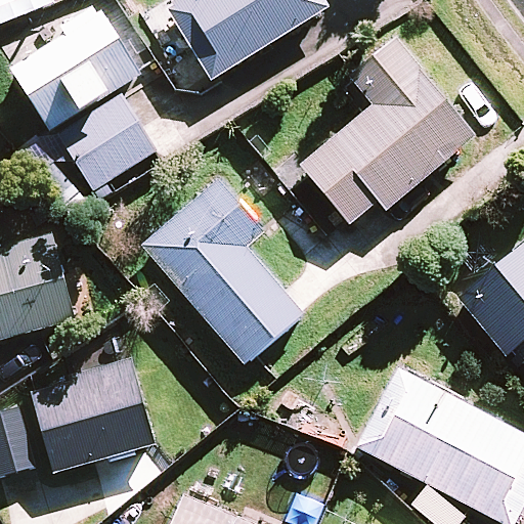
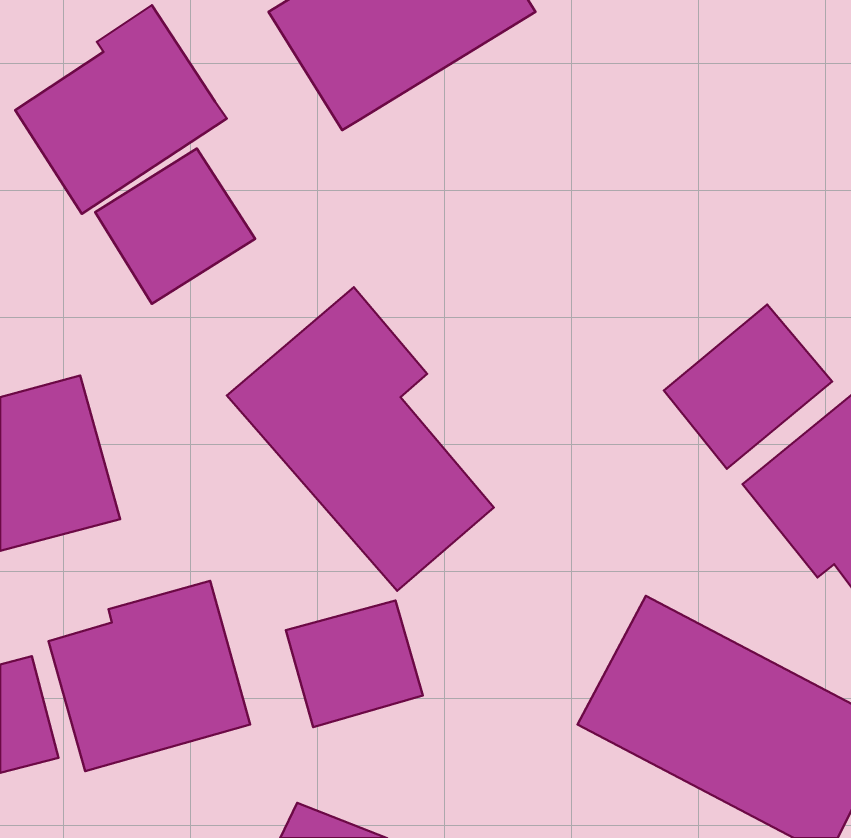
building: [299,36,475,224] -> none
building: none -> [664,304,832,469]
building: none -> [286,600,423,727]

